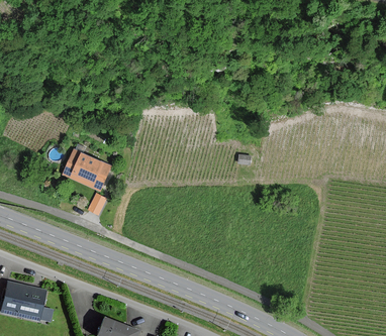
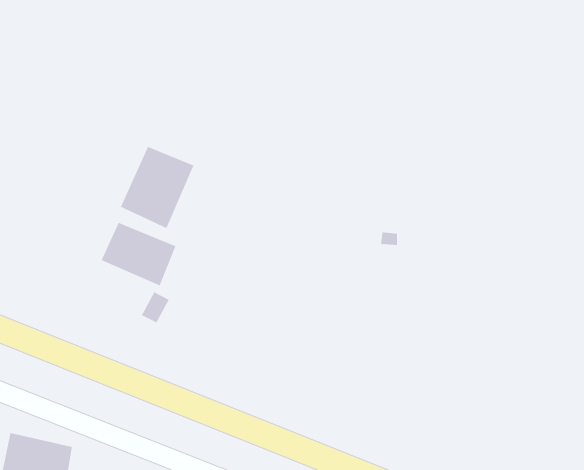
building: none -> [120,146,194,229]

